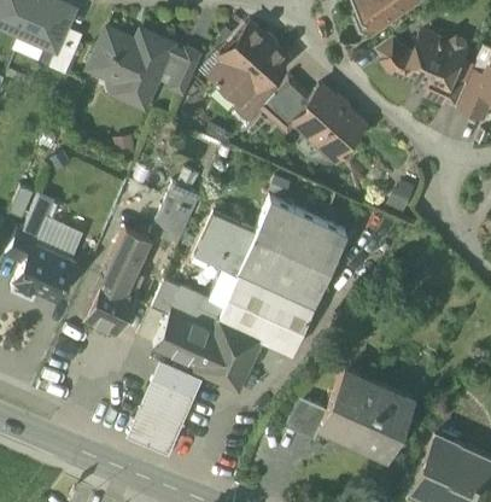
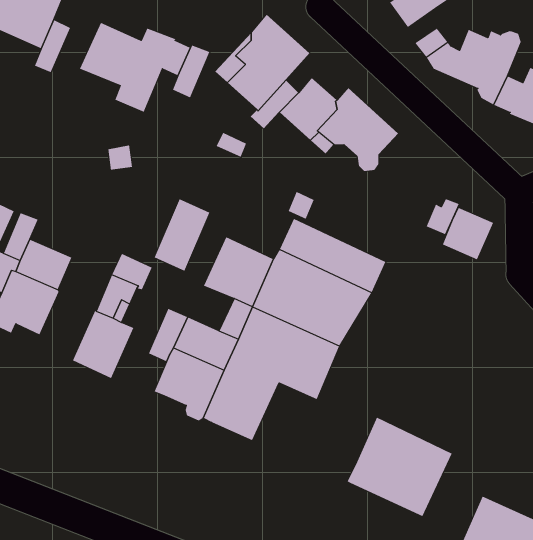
building: none -> [442,207,494,260]
building: [130,350,203,449] -> none
building: [284,396,326,440] -> none

